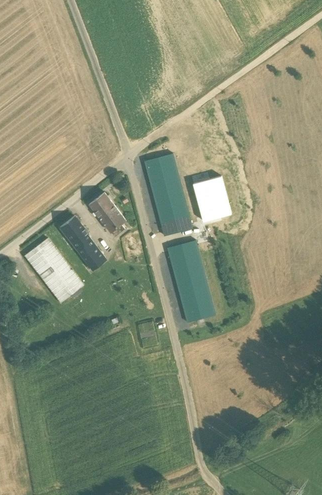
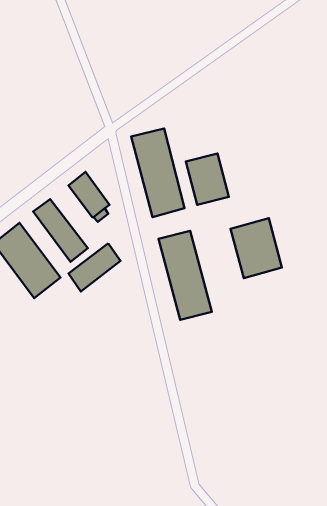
building: none -> [231,218,282,278]
building: none -> [68,244,121,291]

